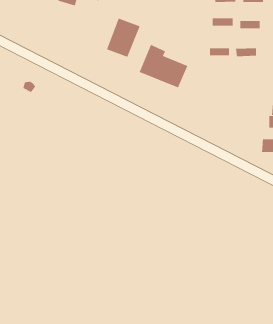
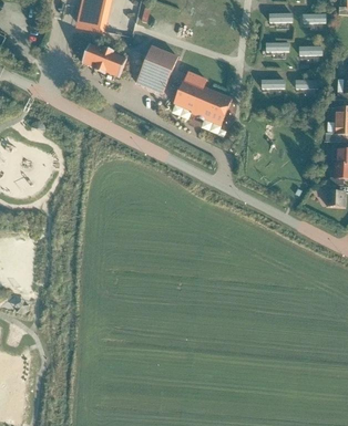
building: none -> [80,43,127,79]

